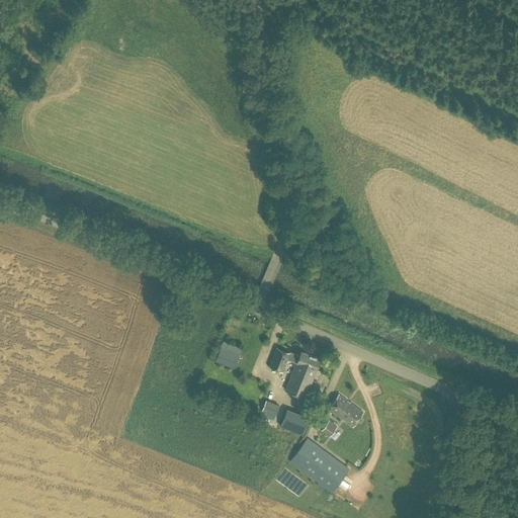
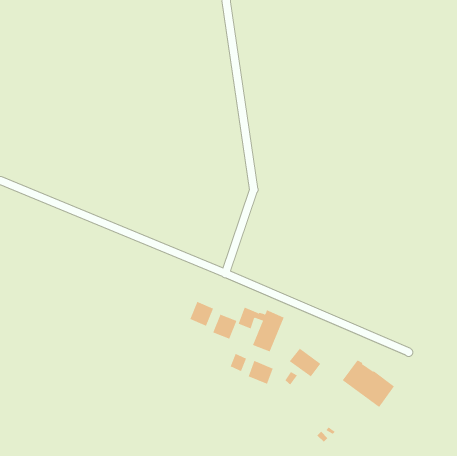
building: none -> [212,314,237,340]
building: [289,439,349,494] -> [342,360,395,408]

